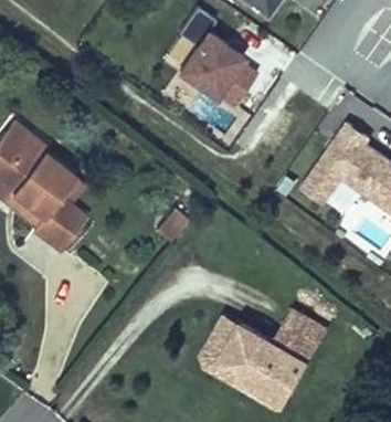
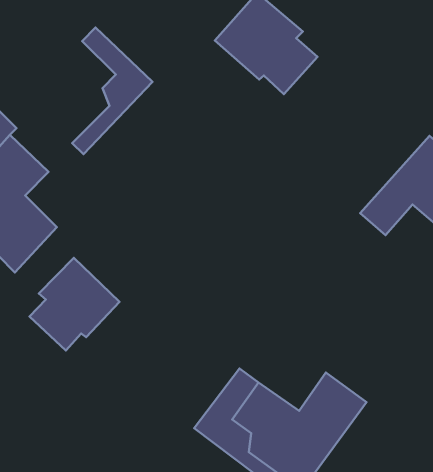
building: none -> [72,27,153,154]
building: none -> [30,258,120,350]

